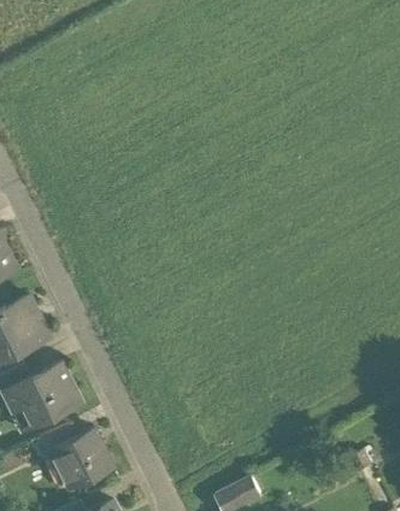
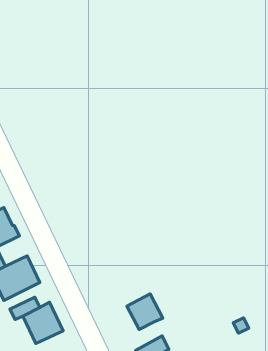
building: none -> [127,294,163,329]

